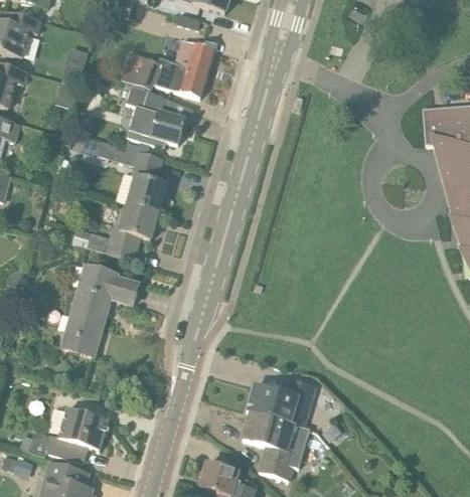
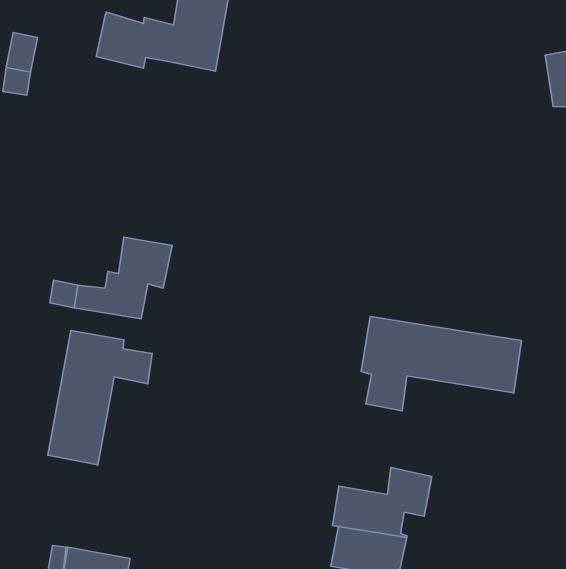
building: [124,89,185,147] -> none
building: [97,140,166,212] -> none
building: none -> [361,317,522,411]

